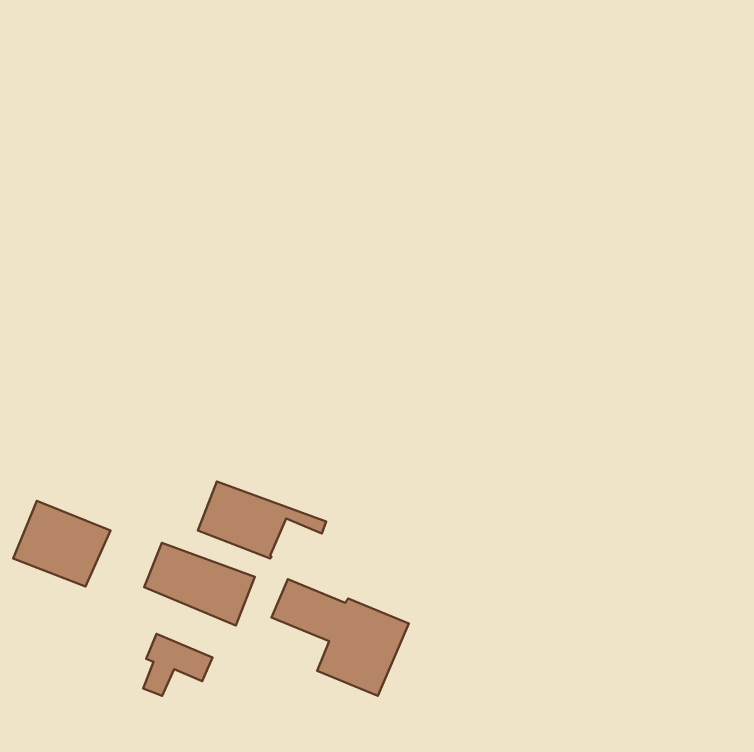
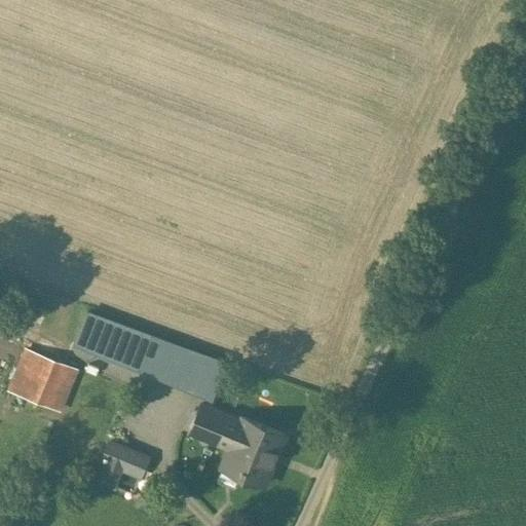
building: none -> [188,363,224,399]
building: [144,543,255,626] -> [74,313,151,371]

